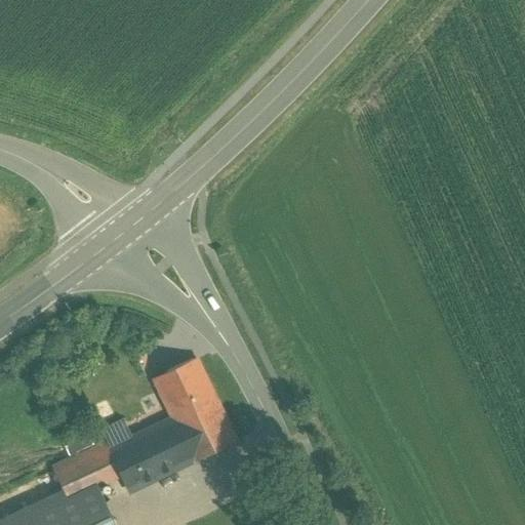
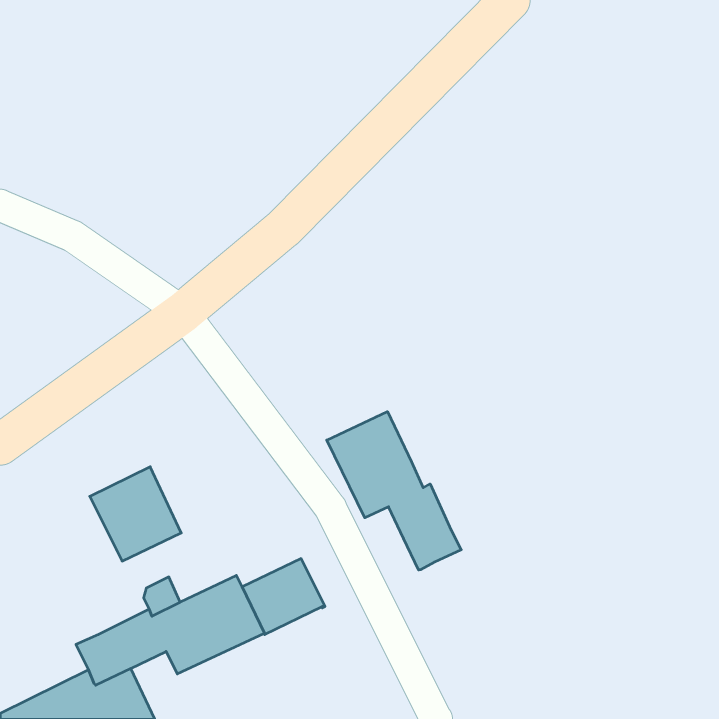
building: none -> [327,412,461,570]
building: [153,359,219,428] -> [90,467,181,561]

